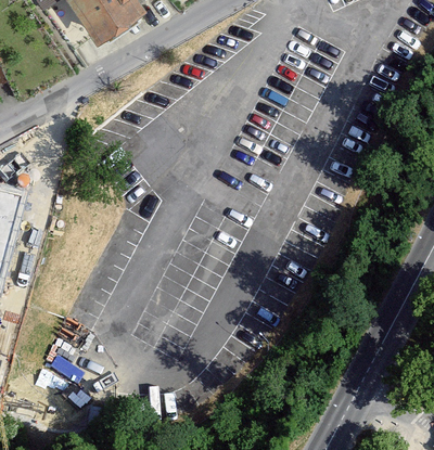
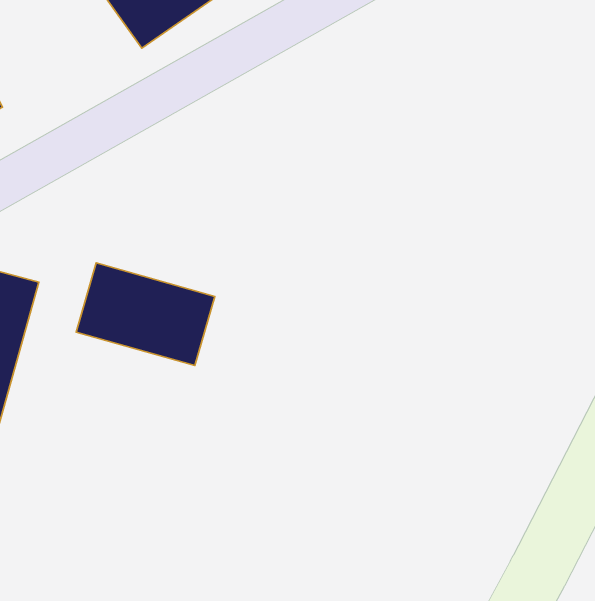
building: none -> [76,263,215,366]

